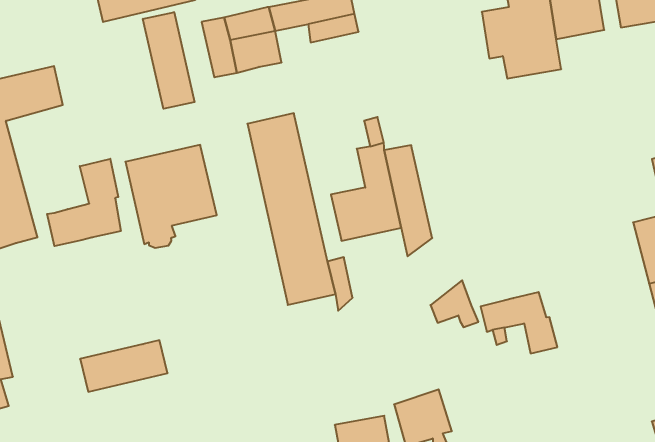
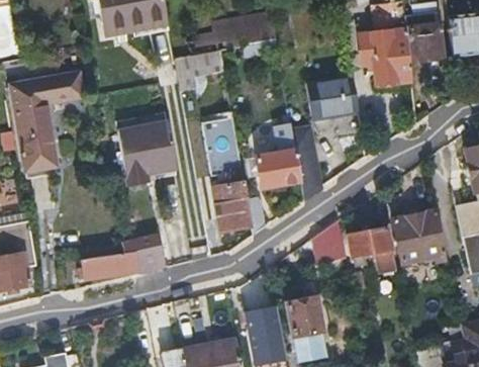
building: [143,12,195,109] -> none
building: none -> [313,80,357,120]
building: [47,159,121,246] -> none
building: none -> [394,209,449,260]
building: none -> [117,234,165,276]

